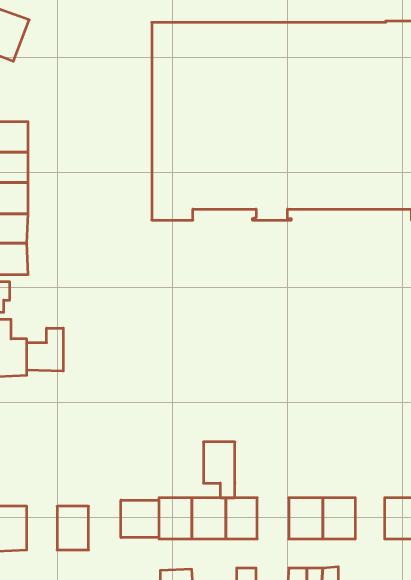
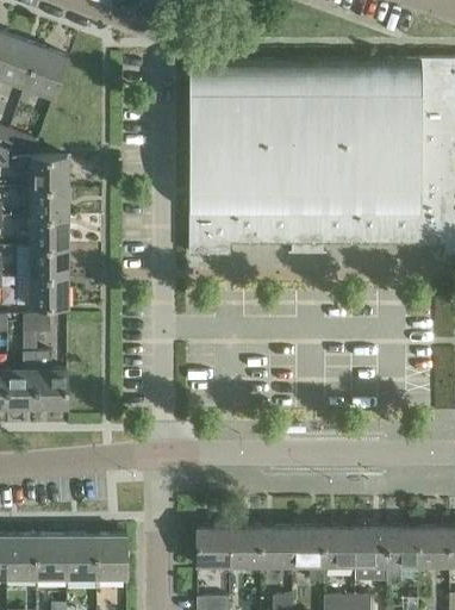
building: [27,328,63,371] -> none
building: [203,442,235,498] -> [293,528,324,583]
building: none -> [389,528,418,584]
building: [121,500,159,538] -> none
building: none -> [67,536,96,579]

